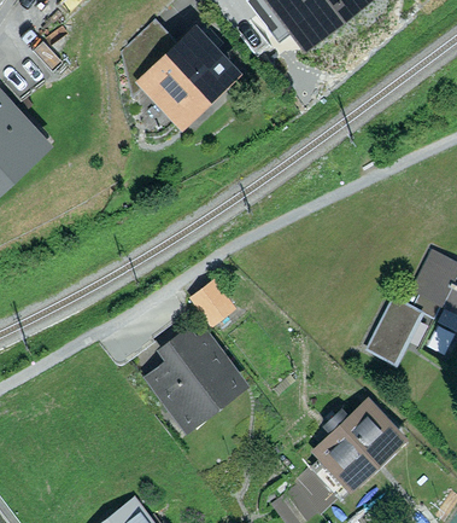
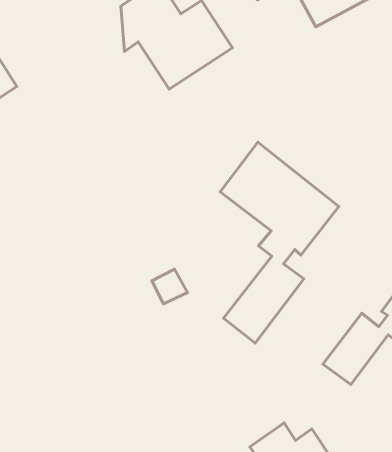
building: none -> [220,142,339,343]
building: [156,336,235,419] -> none

